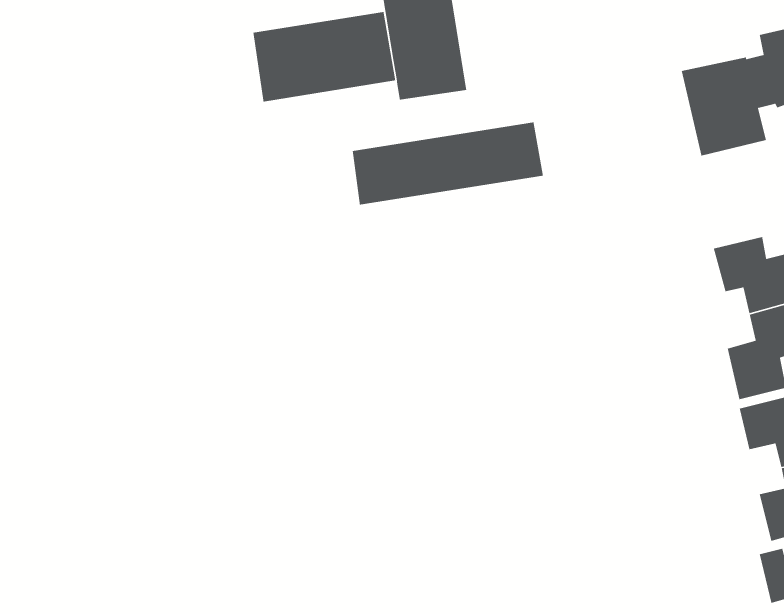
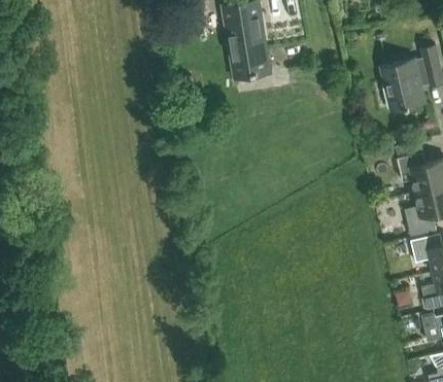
building: [252,11,396,102] -> none
building: [352,121,544,206] -> none

